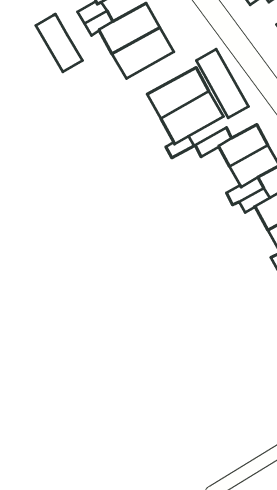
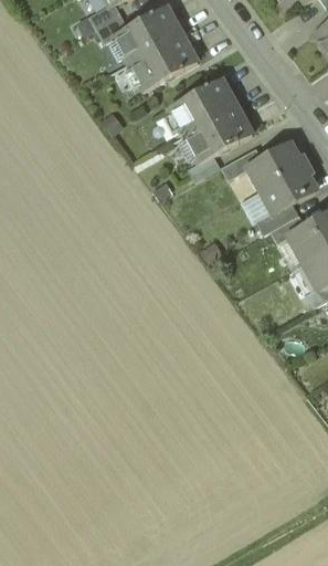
building: [36,14,83,72] -> none
building: [197,49,248,118] -> none

